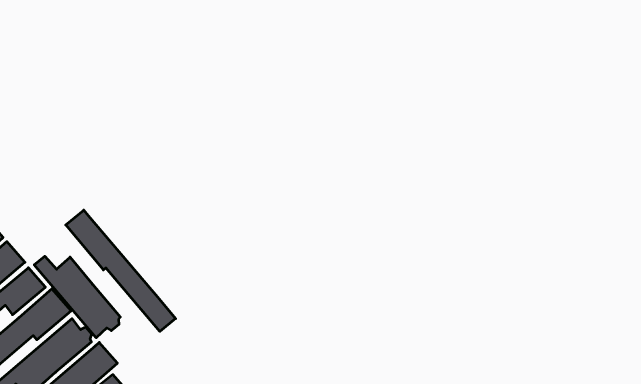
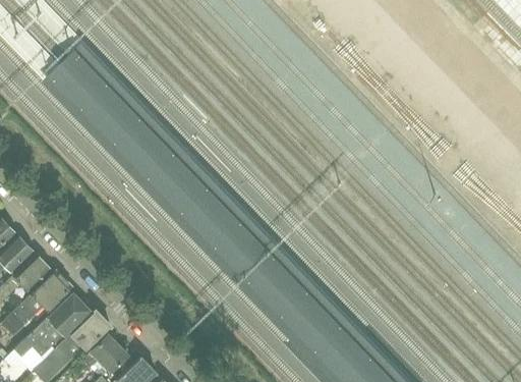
building: [66,210,176,331] -> none
building: [34,256,120,338] -> none

